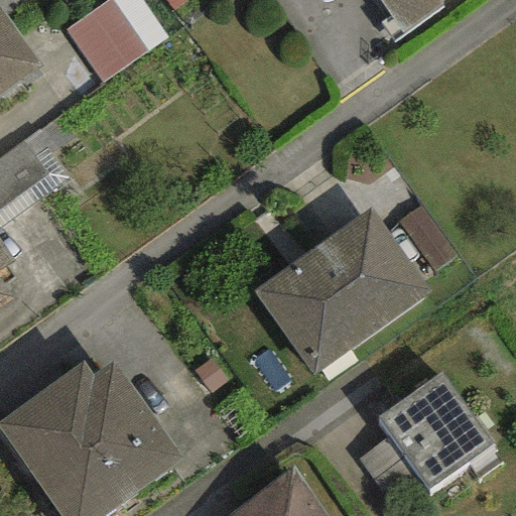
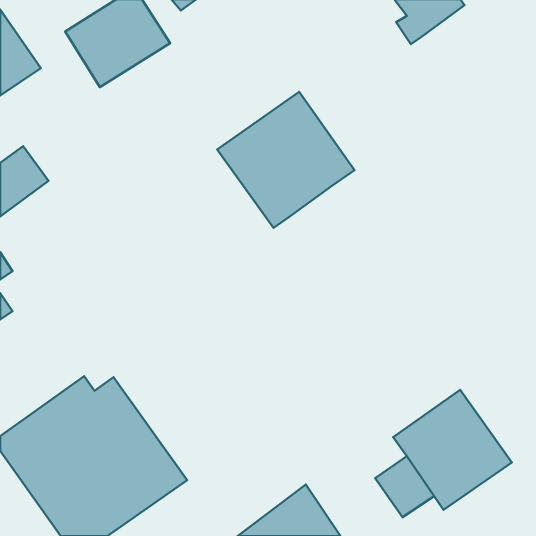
building: none -> [217,92,355,228]
building: [256,209,432,376] -> none

